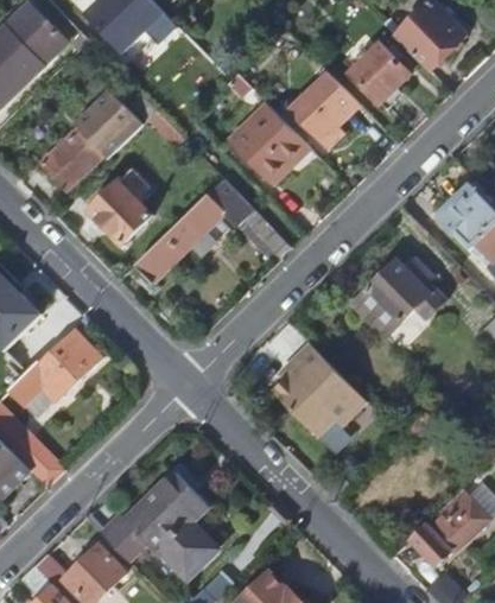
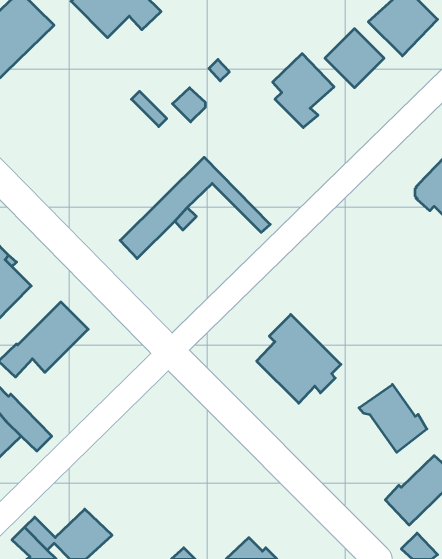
building: [38,90,142,192] -> none
building: [229,106,307,184] -> none
building: [87,169,151,246] -> none
building: [350,256,455,349] -> none
building: none -> [359,384,427,452]
building: [104,471,216,575] -> none

